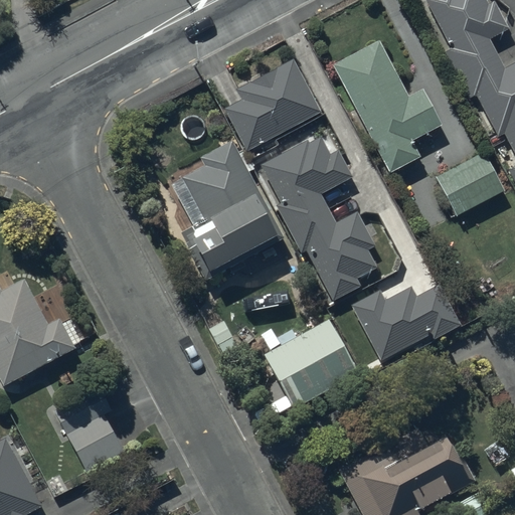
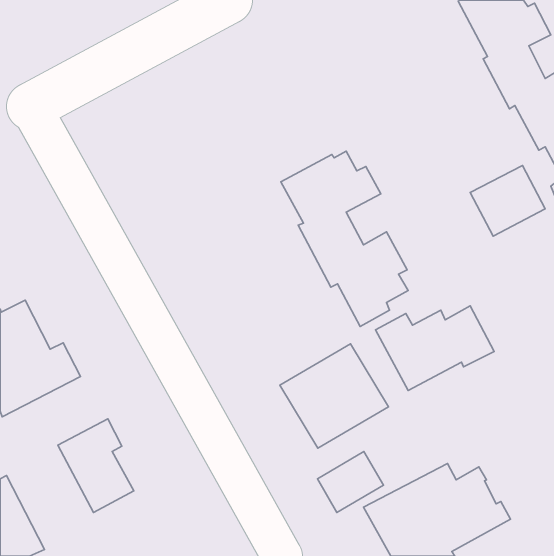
building: [331,38,442,171] -> none
building: [224,58,322,152] -> none
building: [175,141,274,272] -> none
building: none -> [317,452,383,512]

